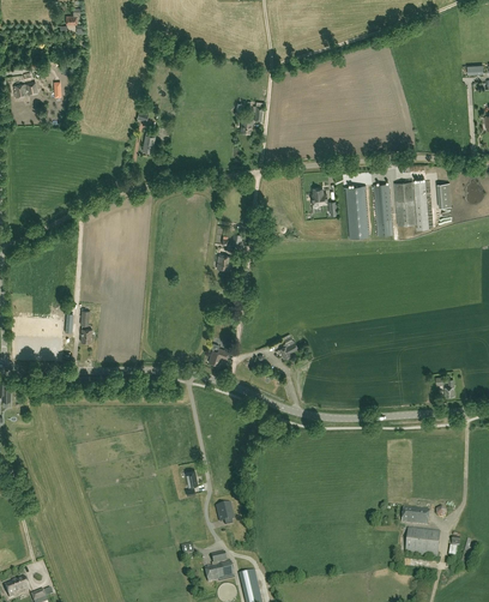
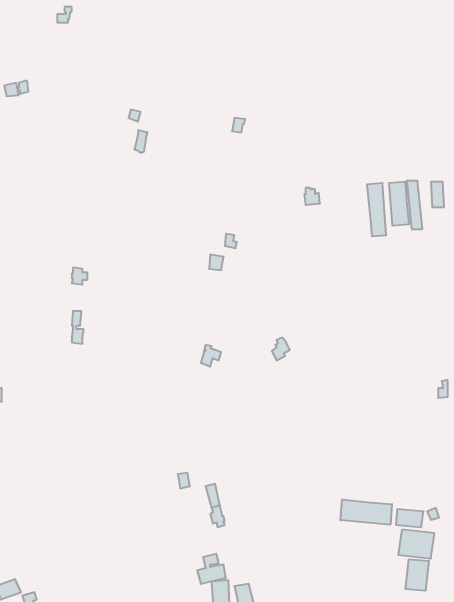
building: [348,186,366,237] -> none
building: none -> [340,499,392,525]
building: none -> [406,559,429,591]

